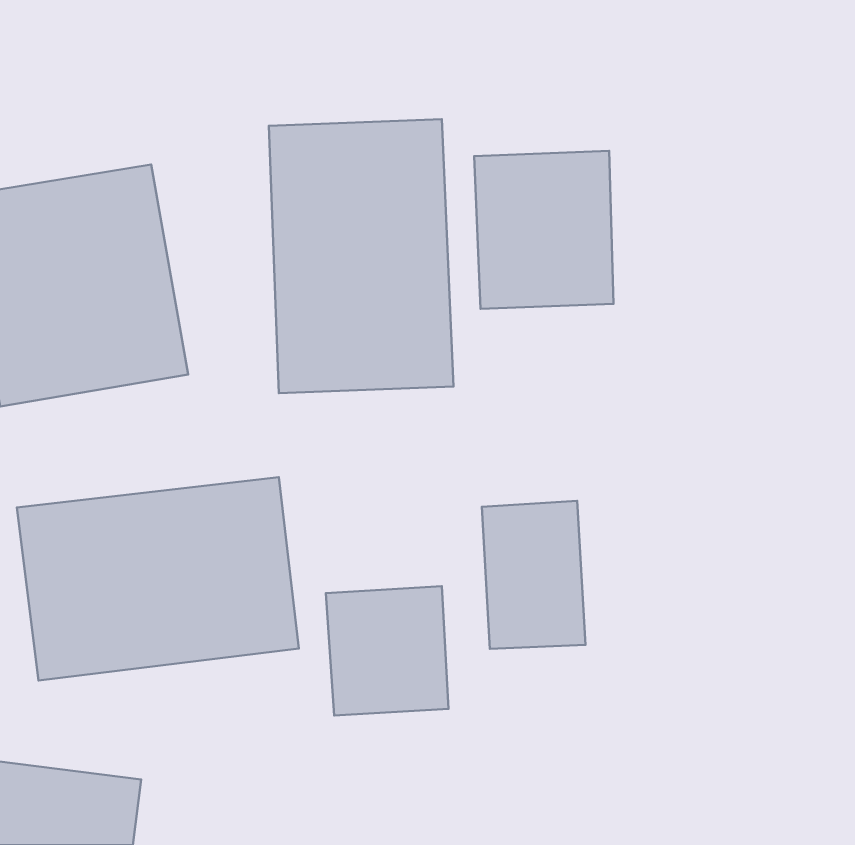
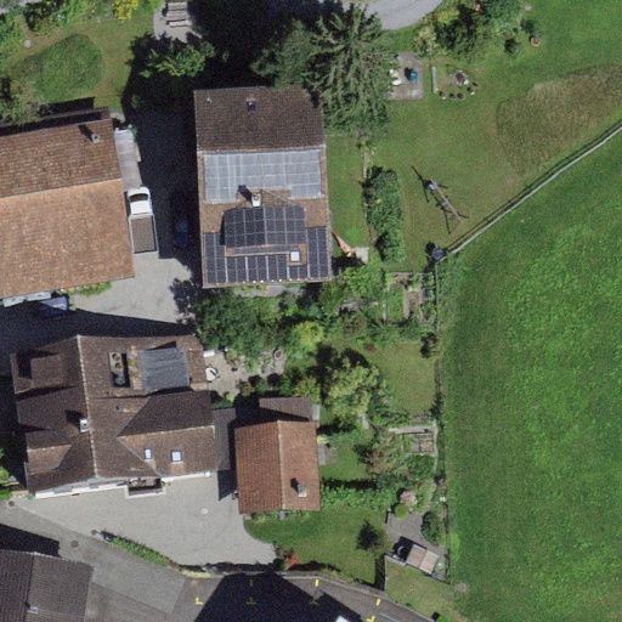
building: [474,151,614,309] -> none
building: [482,501,586,649] -> none

